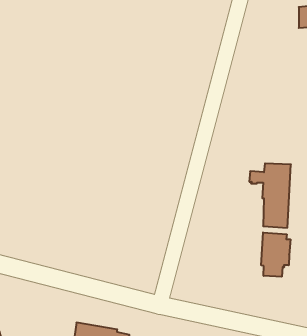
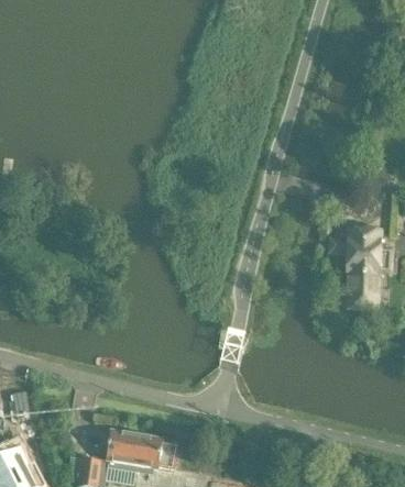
building: [261,232,290,277] -> none

